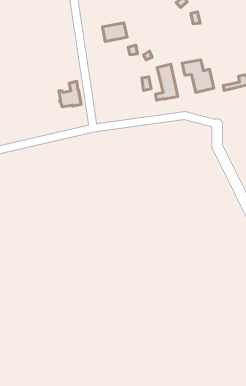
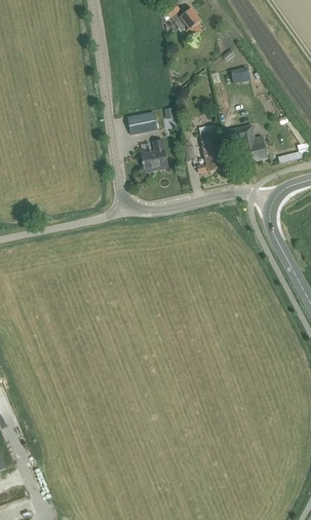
building: [102,23,127,42] -> [127,112,157,135]
building: [59,81,81,107] -> [141,140,167,171]

